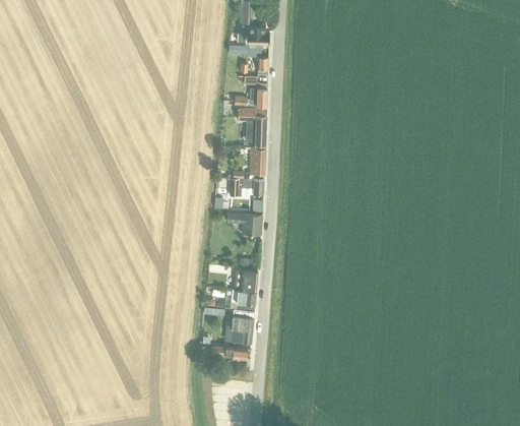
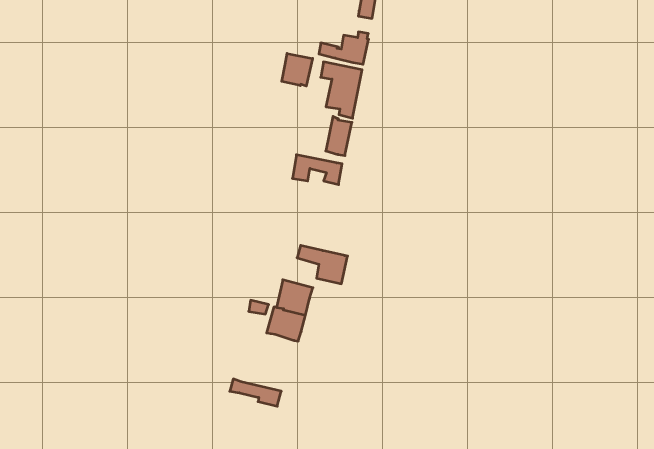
building: none -> [282,53,313,86]
building: [224,211,260,234] -> [297,245,348,284]
building: [225,308,252,342] -> none

